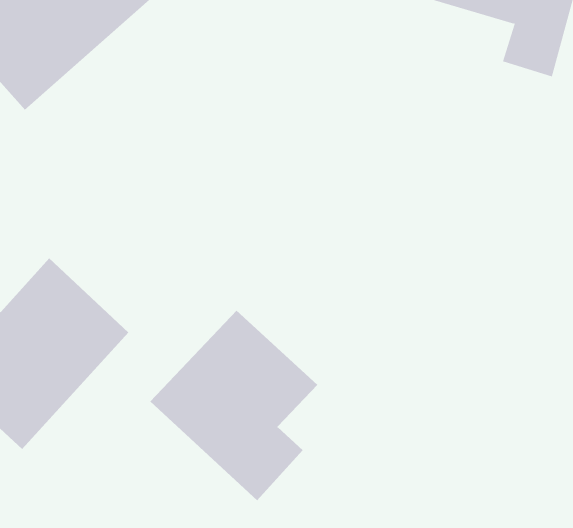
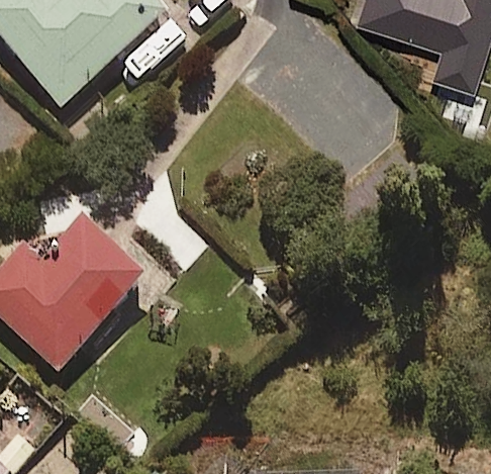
building: [150,310,318,501] -> none

